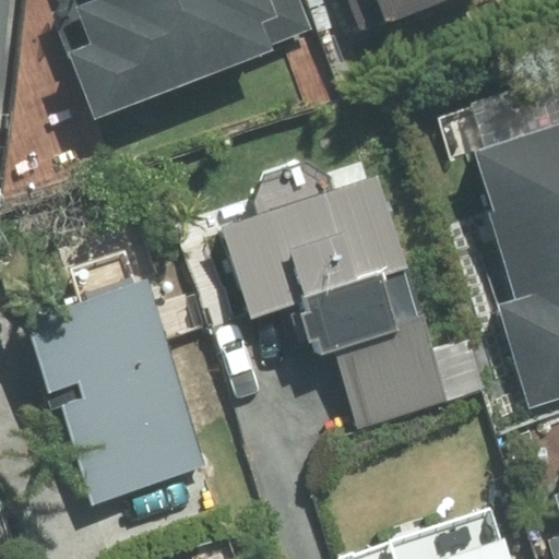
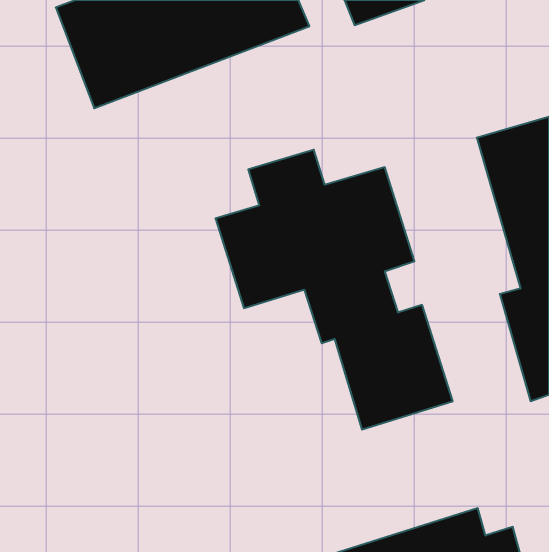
building: [33,277,205,504] -> none

